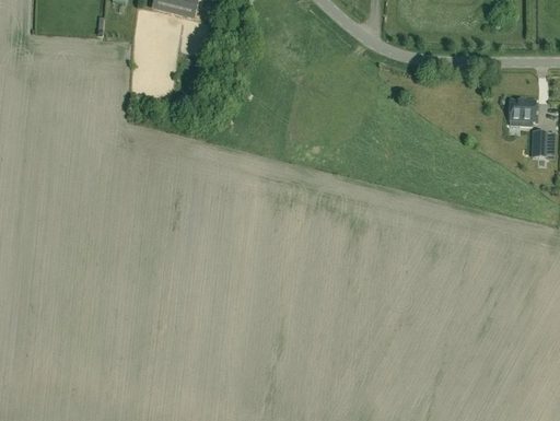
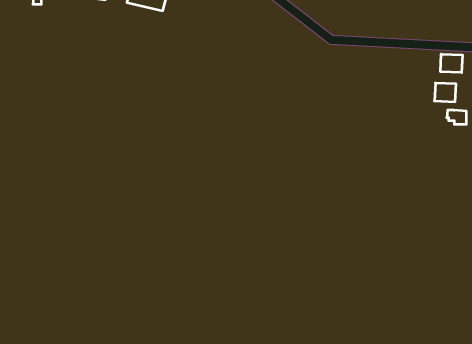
building: none -> [441,54,462,73]

